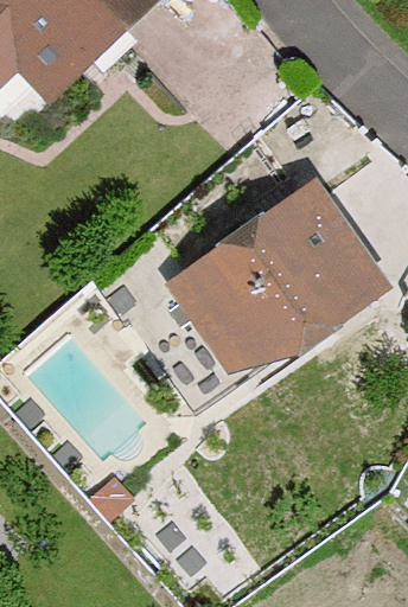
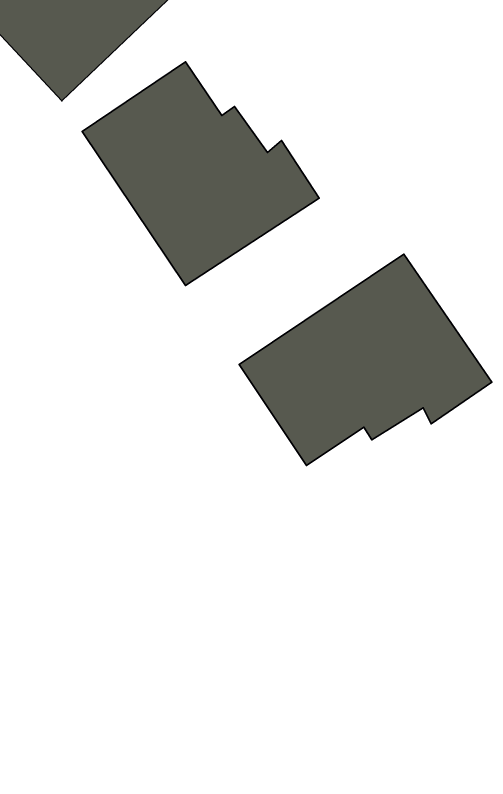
building: none -> [82,62,319,286]

